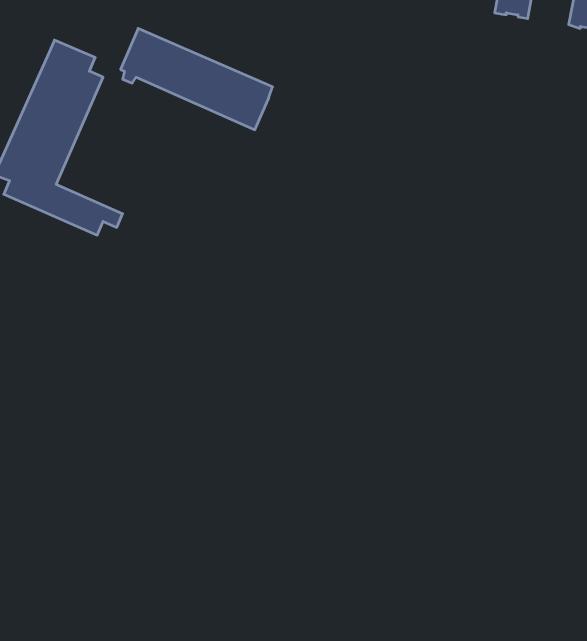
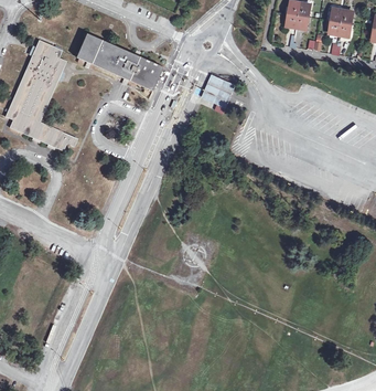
building: none -> [201,76,234,113]

